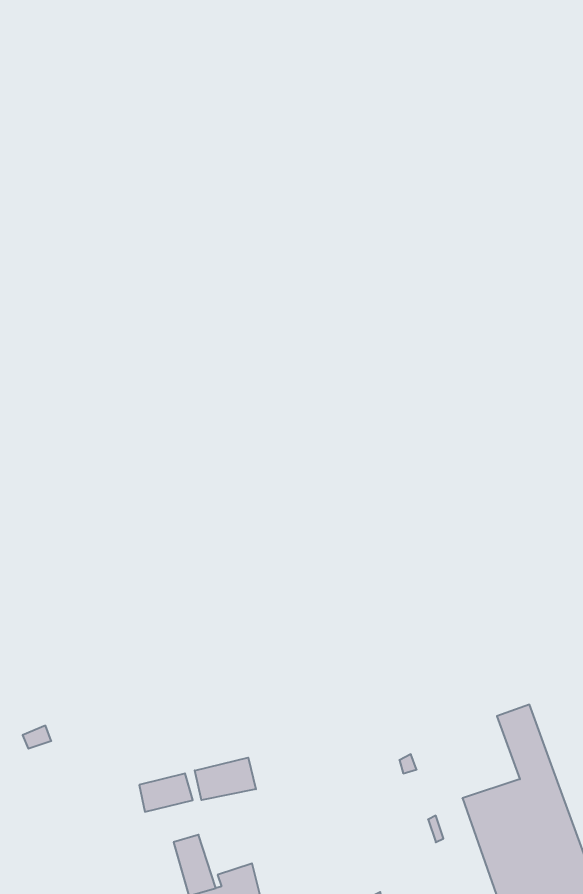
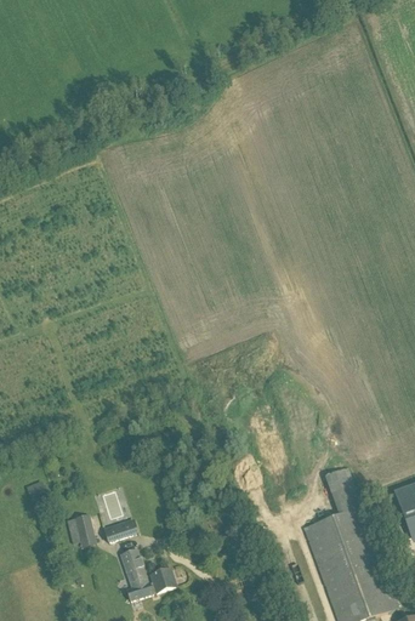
building: [195,758,256,800] -> none
building: none -> [67,514,96,548]

